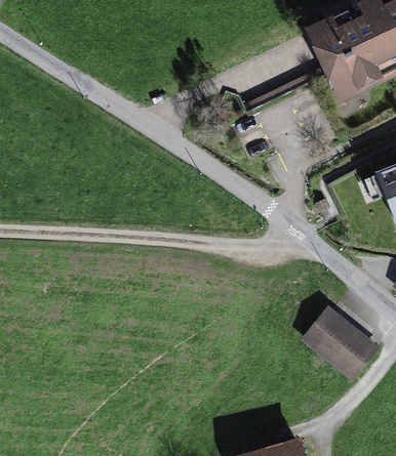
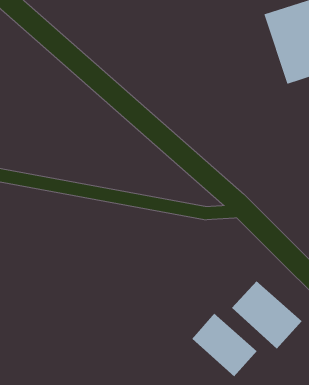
building: none -> [192,313,257,377]

